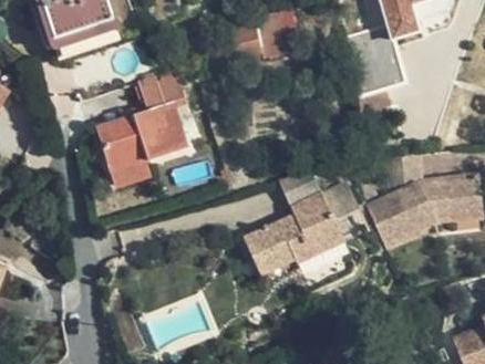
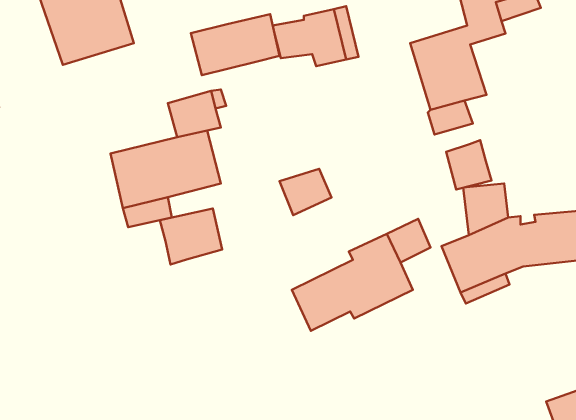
building: none -> [191,14,280,75]
building: none -> [446,140,492,189]
building: [281,171,323,209] -> [280,169,331,215]
building: none -> [160,208,222,264]

